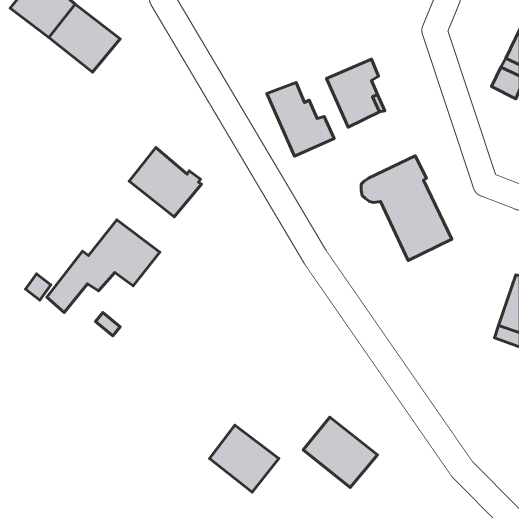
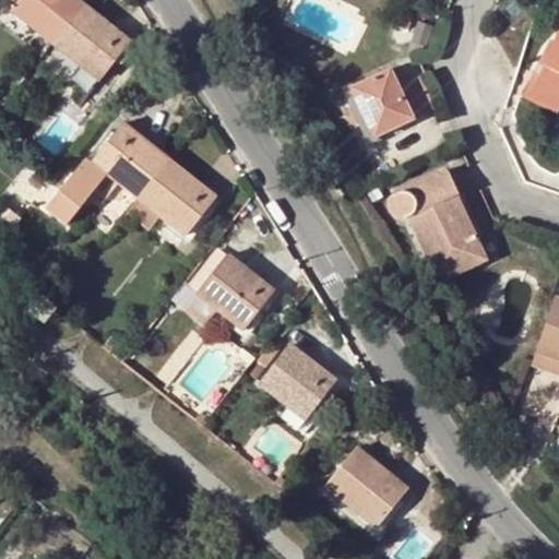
building: [267,82,334,156] -> none
building: [47,220,160,312] -> [47,123,168,223]
building: none -> [199,254,274,326]
building: [210,425,279,492] -> [261,344,335,416]

